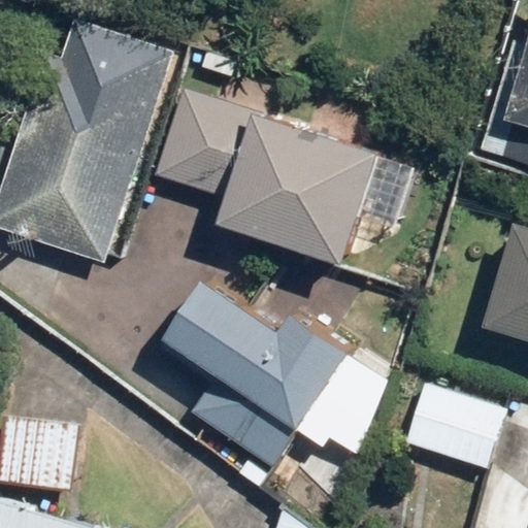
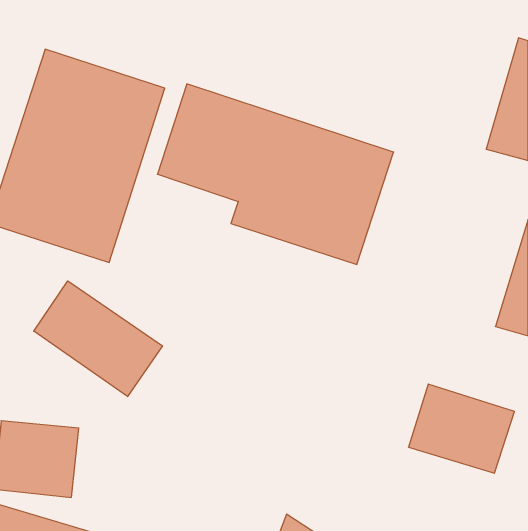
building: none -> [34,281,162,397]
building: [169,282,354,466] -> none

